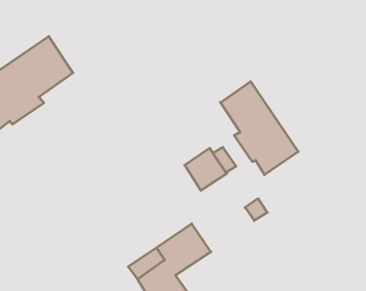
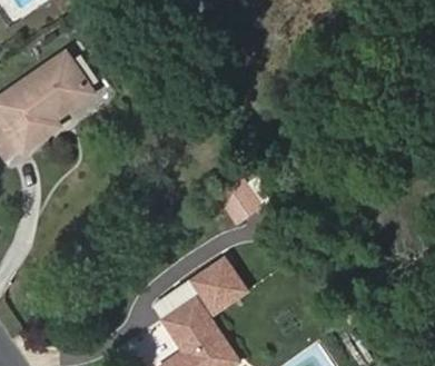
building: [220,82,298,175] -> none

